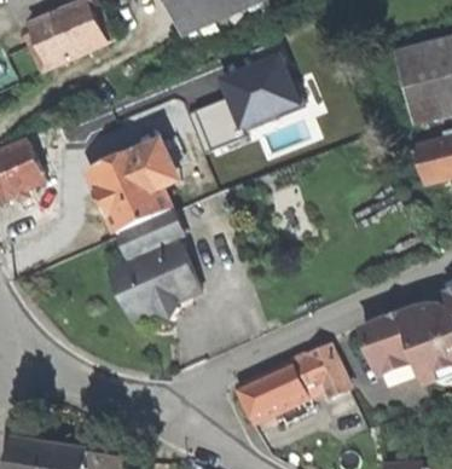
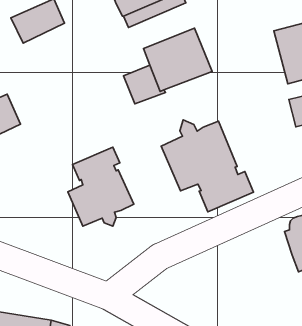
building: [88,139,170,231] -> none
building: none -> [161,120,254,212]
building: [360,312,418,375] -> none
building: [236,342,347,422] -> none

